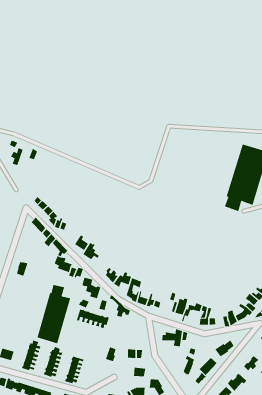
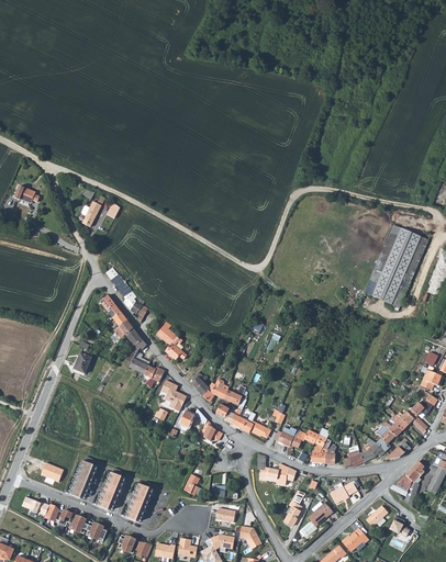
building: [37,284,71,344] -> none
building: [76,309,109,329] -> none

